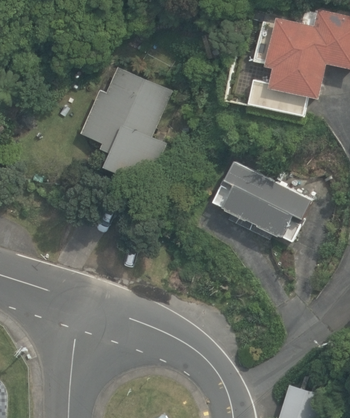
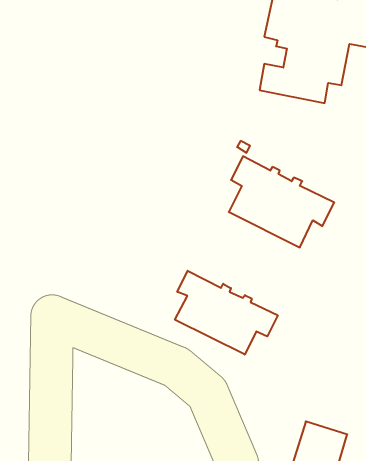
building: [79,67,171,186] -> none
building: none -> [175,271,278,355]

